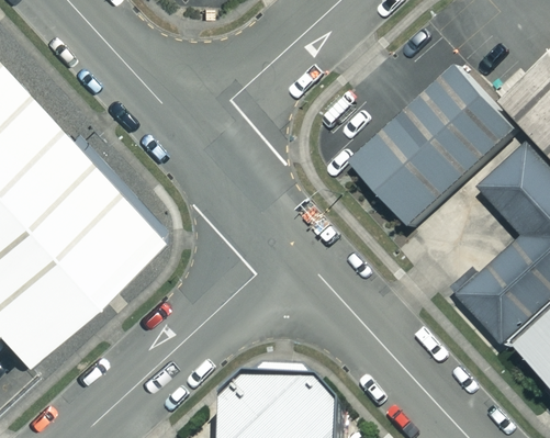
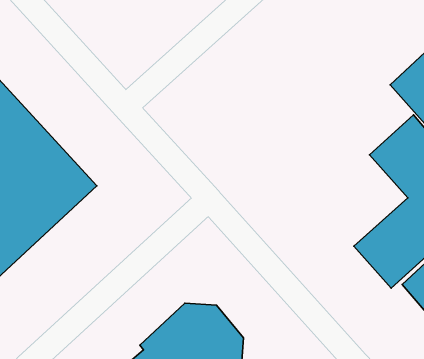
building: [349,67,516,229] -> none

